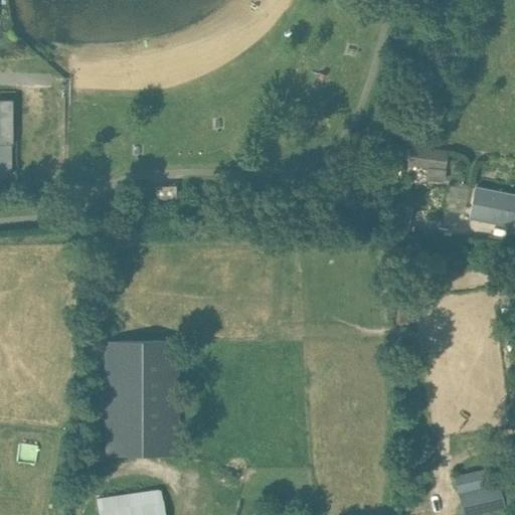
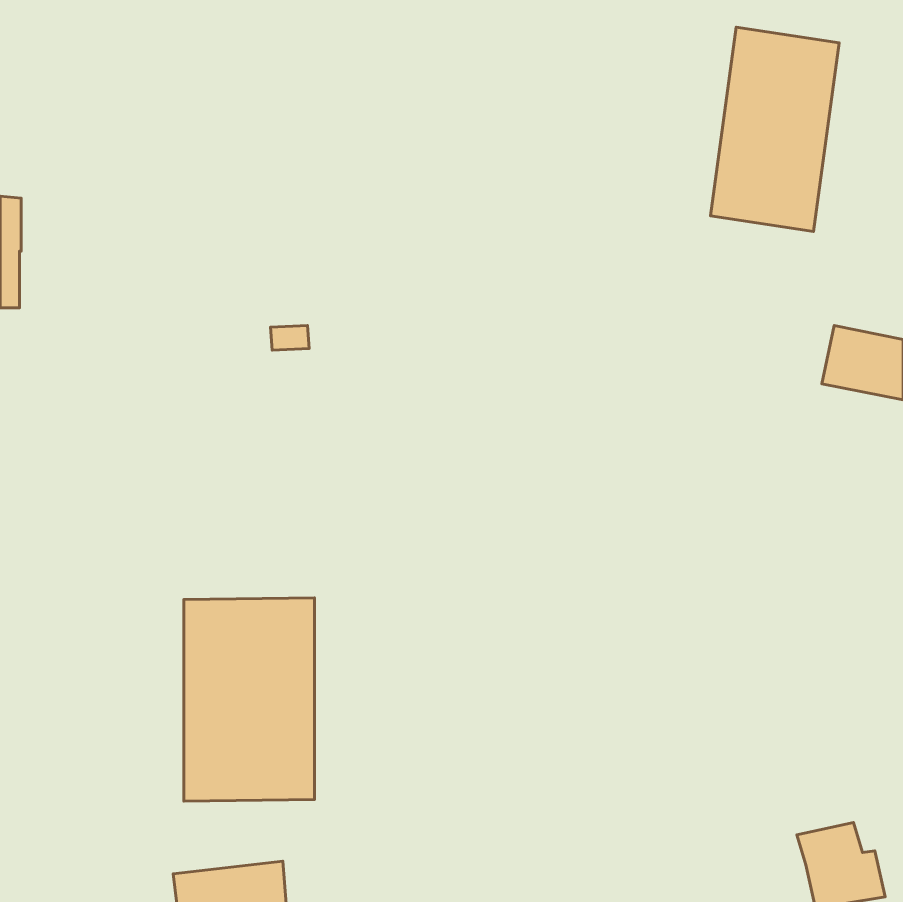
building: none -> [711,27,839,231]
building: [407,147,448,171] -> none

